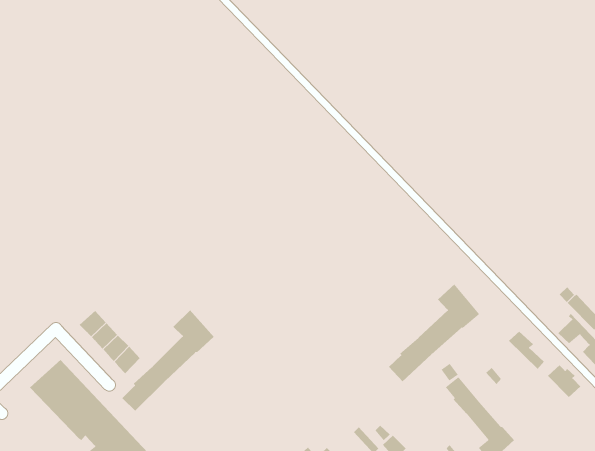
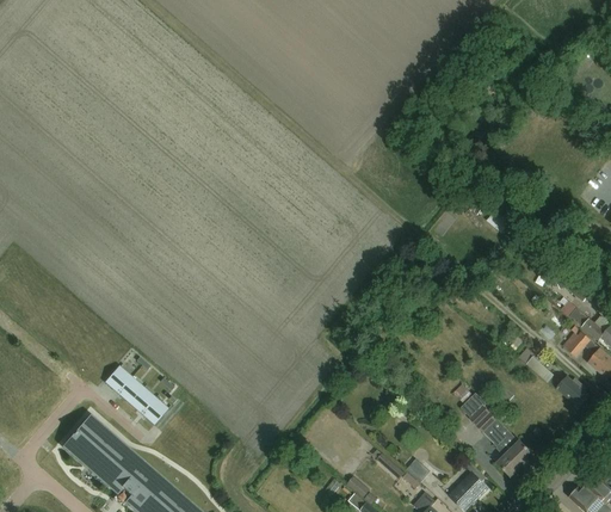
building: [388,283,480,382] -> none
building: [121,309,215,412] -> none

